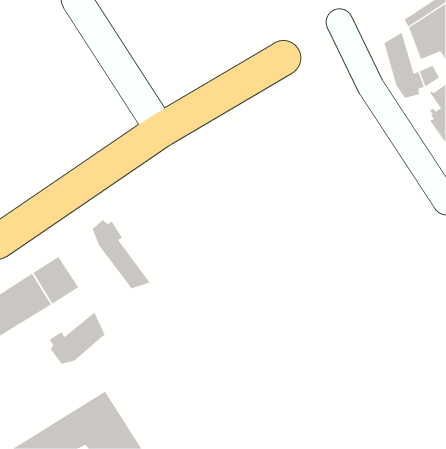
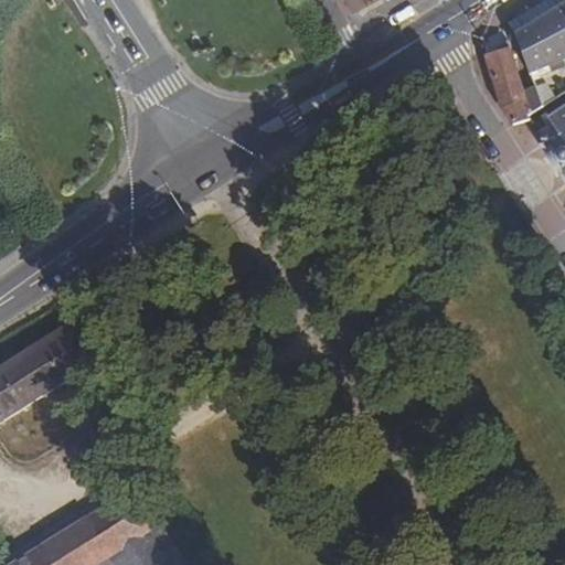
building: [92,219,150,289] -> none
building: [49,312,106,364] -> none

